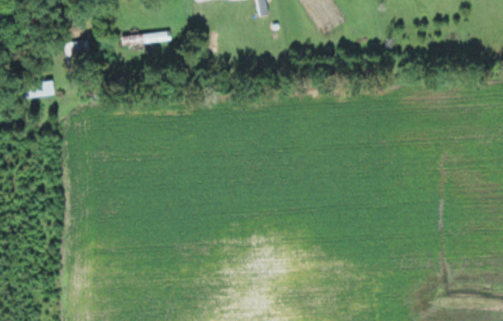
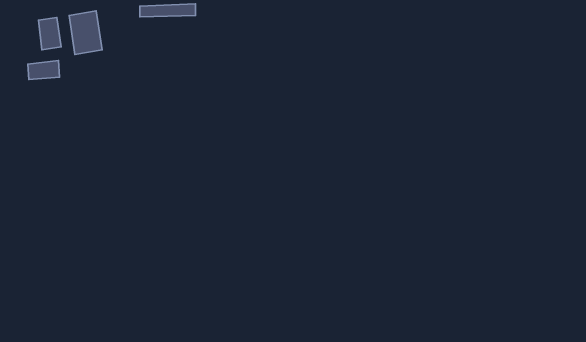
building: none -> [39,18,61,50]

